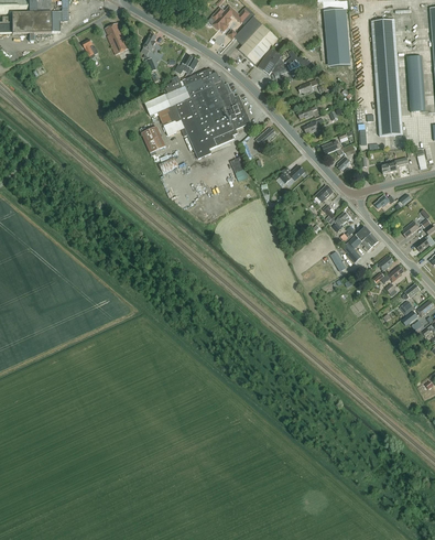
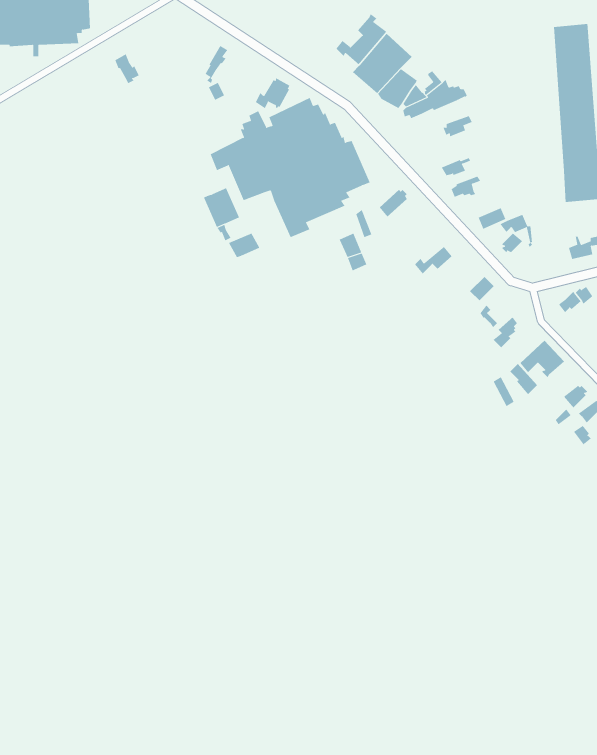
building: [207,7,251,32] -> none
building: [325,9,350,65] -> none
building: [106,21,130,54] -> none

